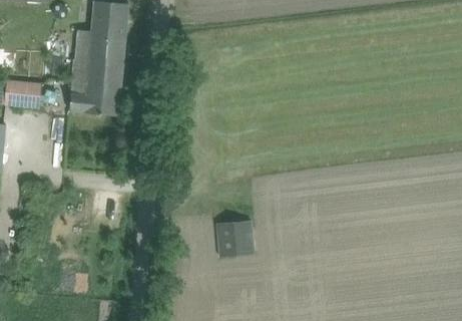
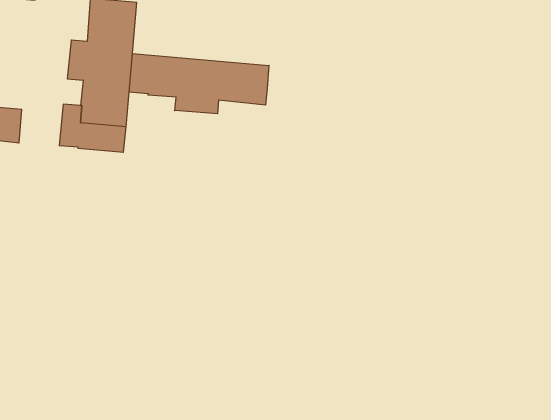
building: none -> [129,54,269,114]
building: [216,220,253,256] -> none

